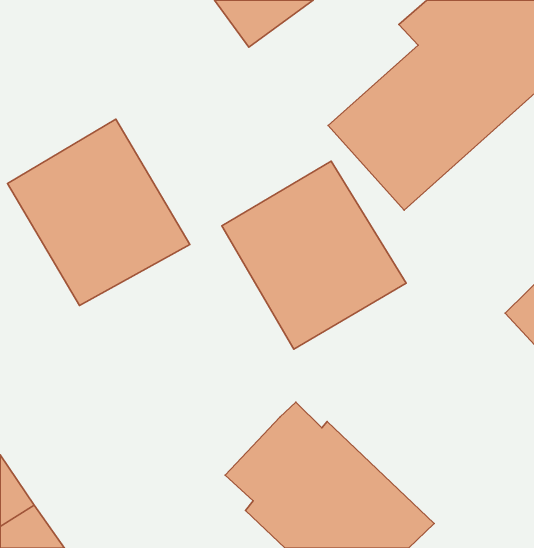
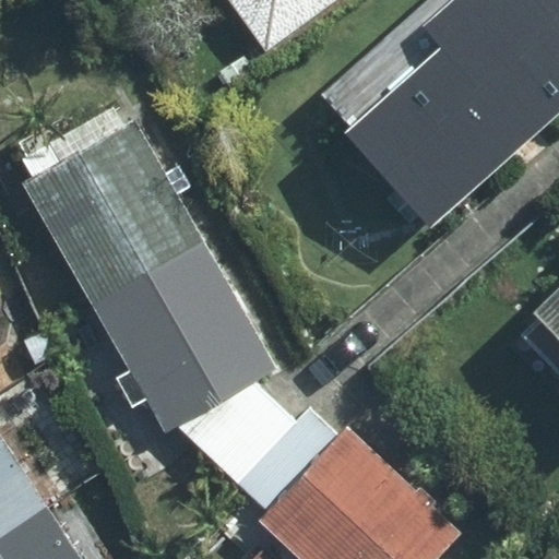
building: [222,161,406,349] -> none
building: none -> [95,249,299,484]

